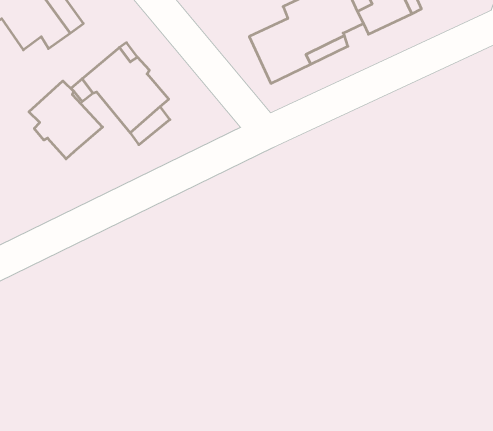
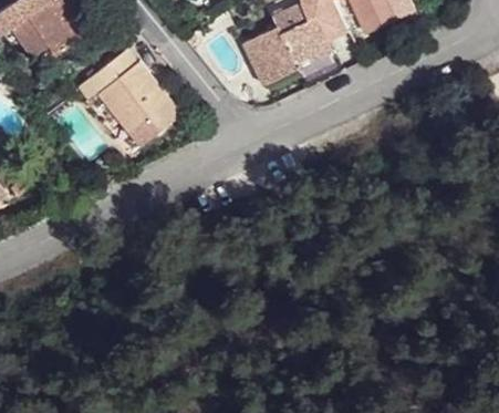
building: [29,81,103,159] -> none

